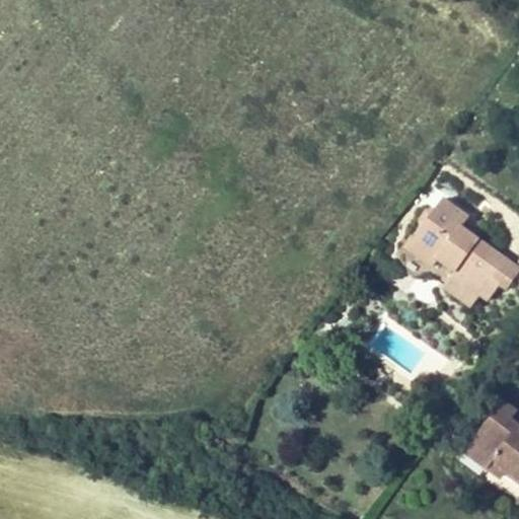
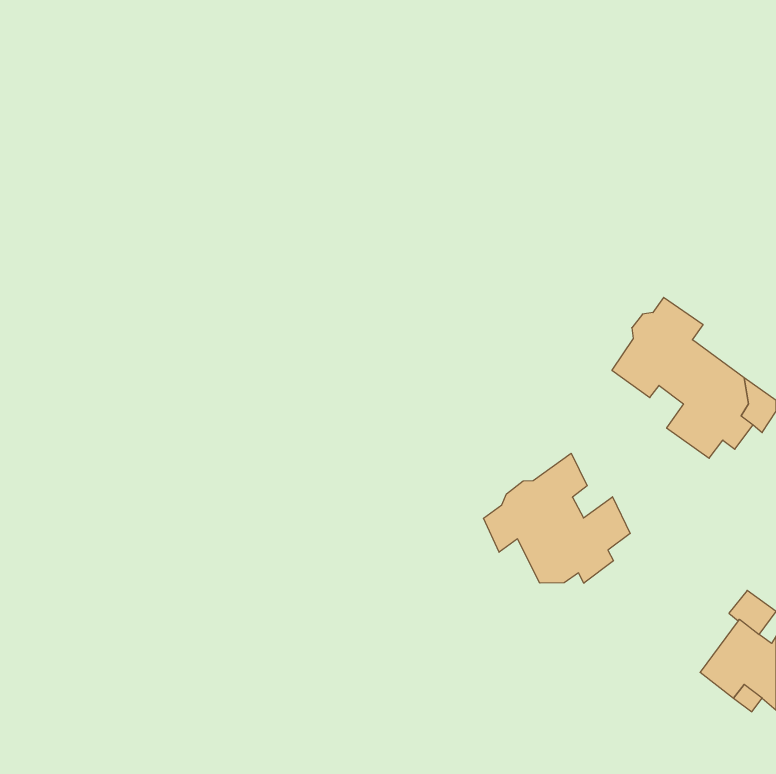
building: none -> [484,453,630,583]

